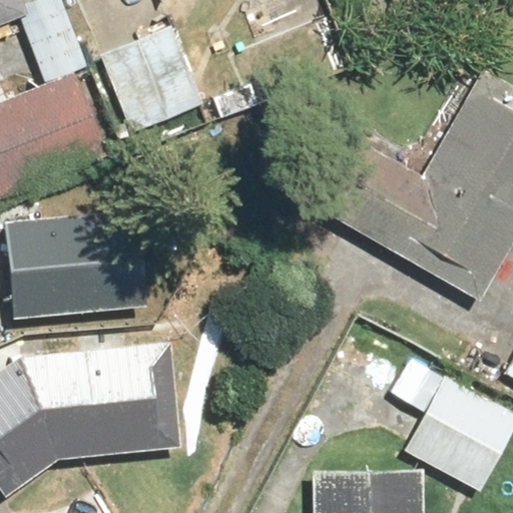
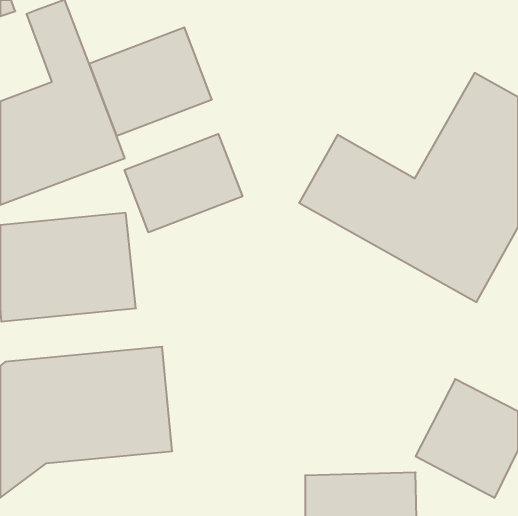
building: none -> [124,134,242,232]

